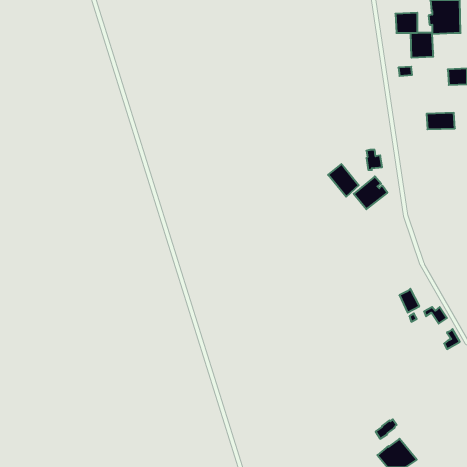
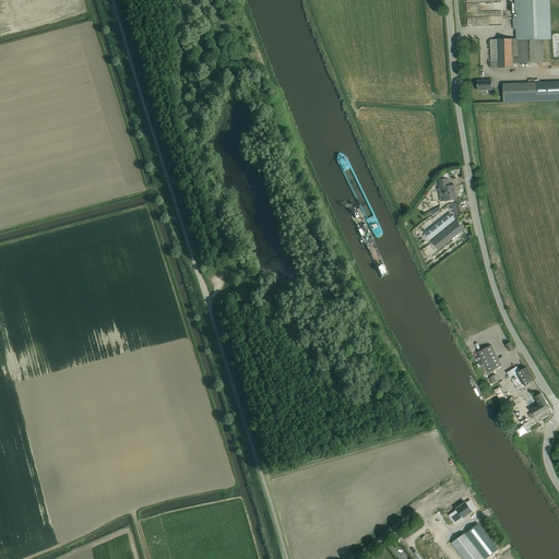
building: [395,13,417,33] -> [516,39,543,63]
building: [427,113,455,129] -> [502,83,536,103]
building: [328,164,359,197] -> none

